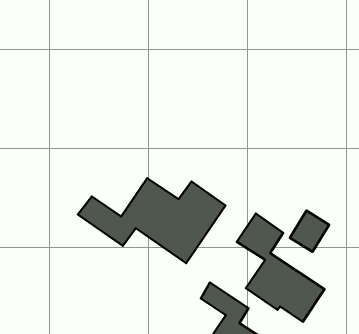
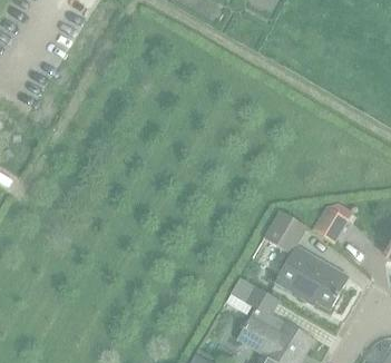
building: [78,178,226,263] -> none

